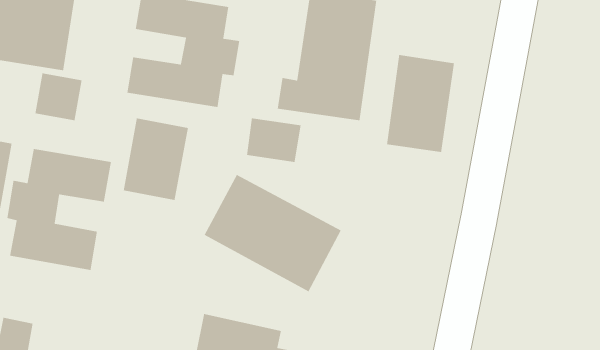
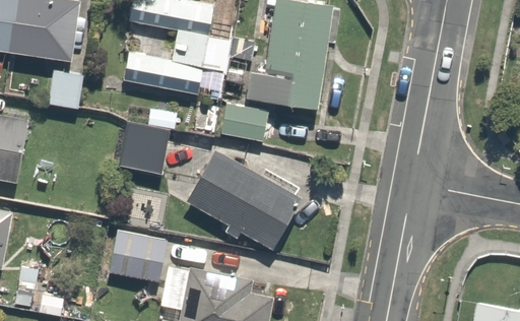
building: [386,54,455,153] -> none
building: [6,148,112,271] -> none
building: none -> [110,228,170,281]

